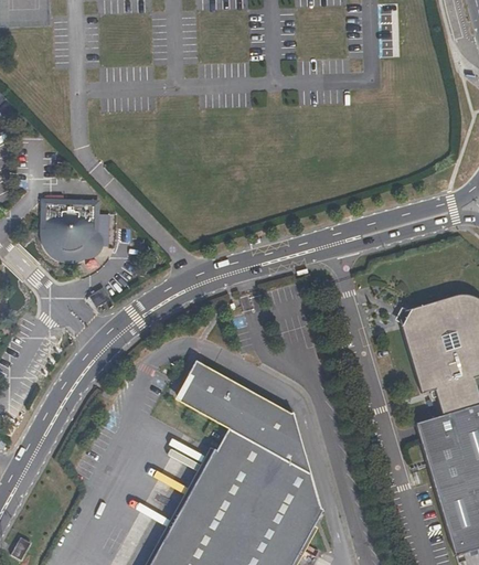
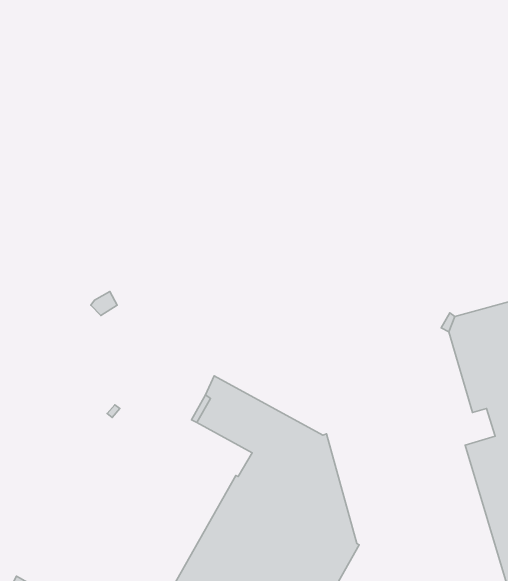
building: [43,202,104,263] -> none

